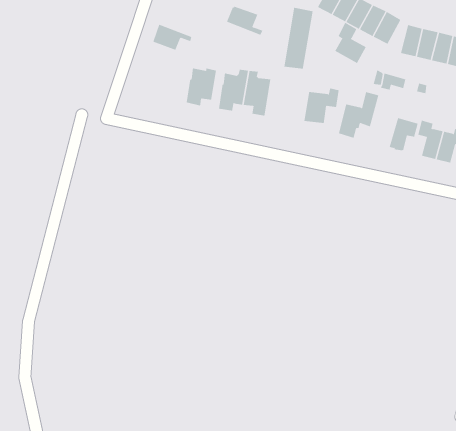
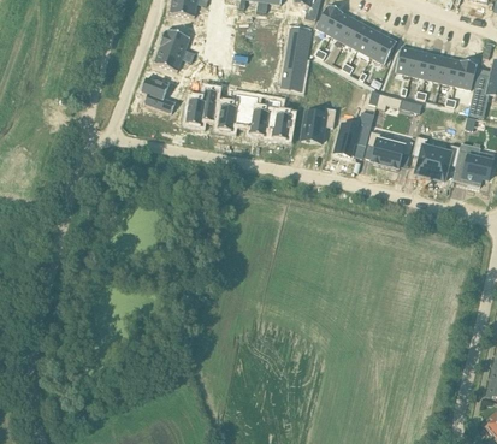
building: [226,6,263,36] -> [159,29,195,58]
building: [334,22,367,64] -> none
building: none -> [141,77,176,113]
building: none -> [264,99,291,138]
building: none -> [367,130,392,165]

